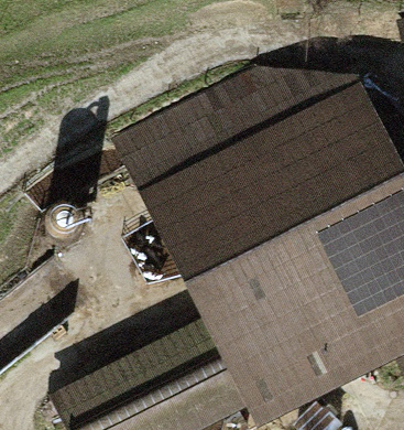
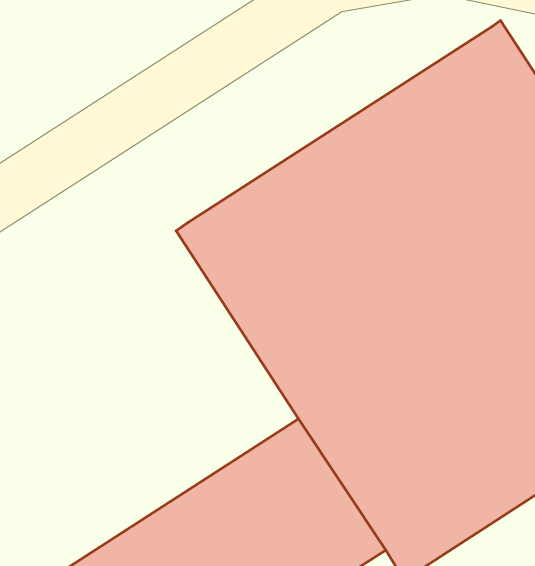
building: [127,73,353,187] -> none

